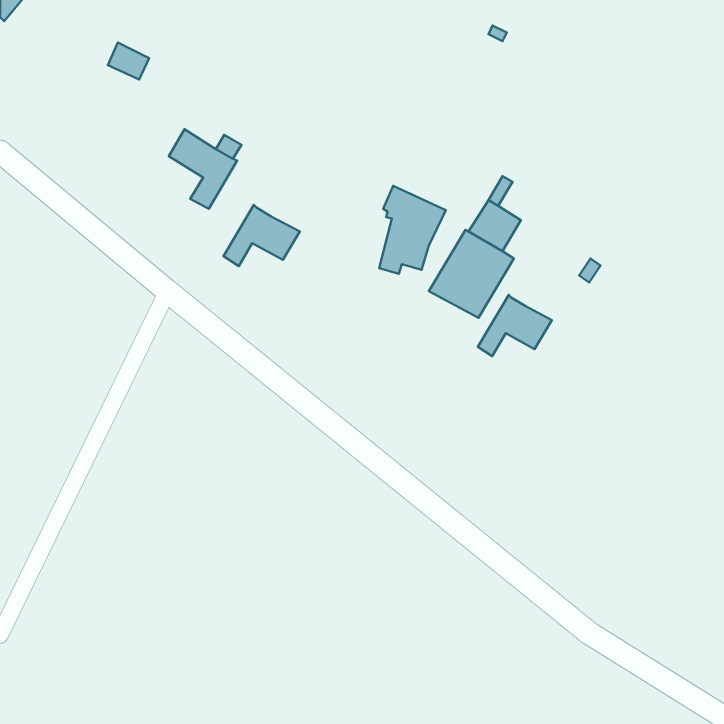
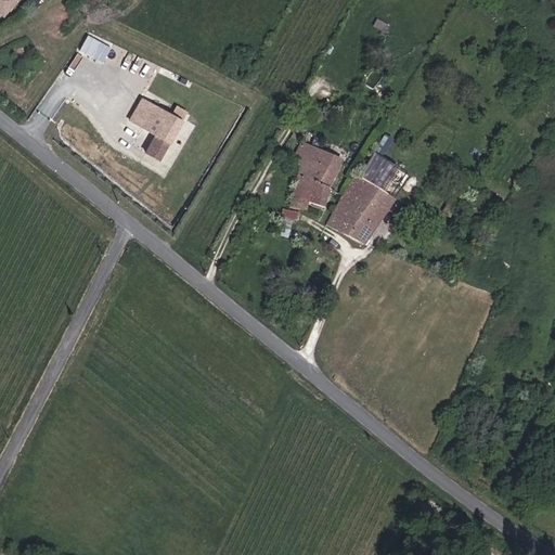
building: [224,205,300,266] -> none
building: [478,295,552,356] -> none

